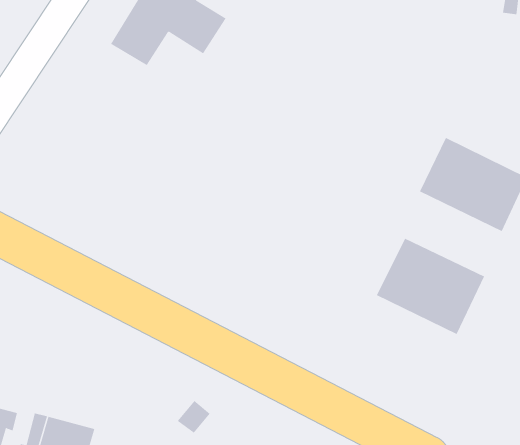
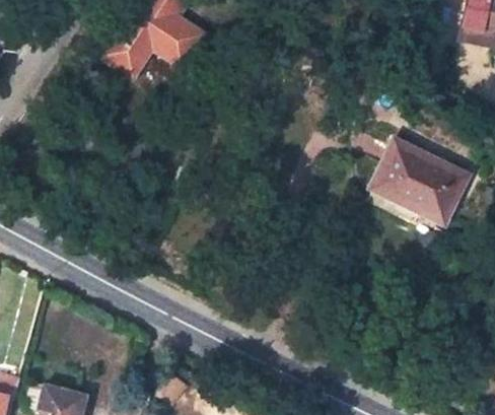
building: [376,238,485,335] -> none

